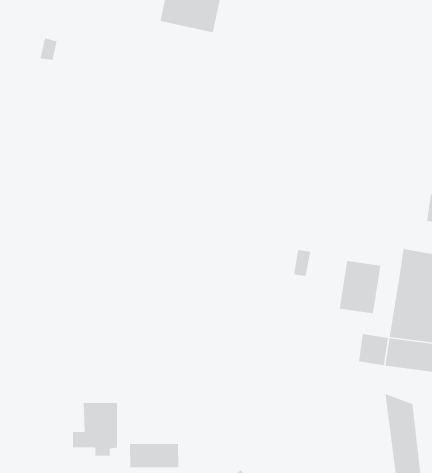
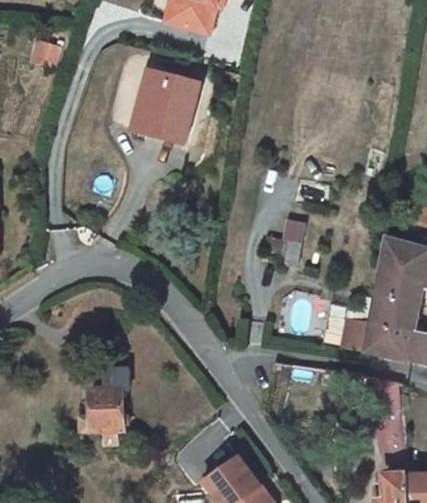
building: none -> [140,72,200,144]
building: [339,260,381,314] -> none
building: [129,443,179,468] -> none

